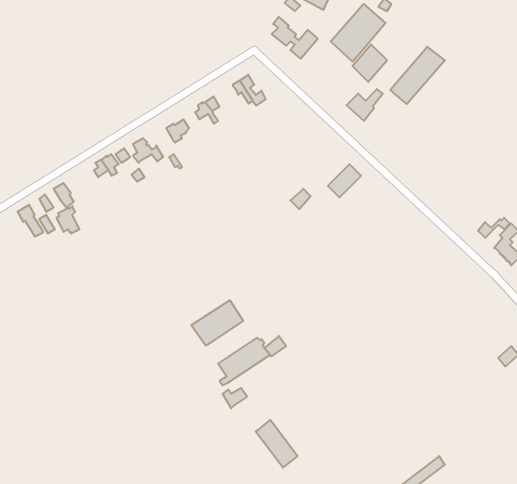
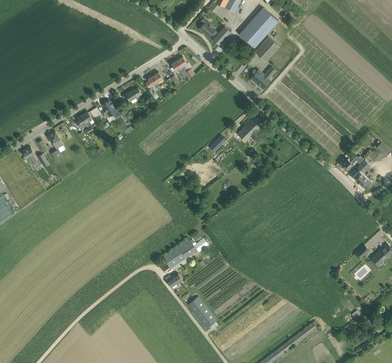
building: [390,47,445,104] -> none
building: [191,300,243,346] -> none

